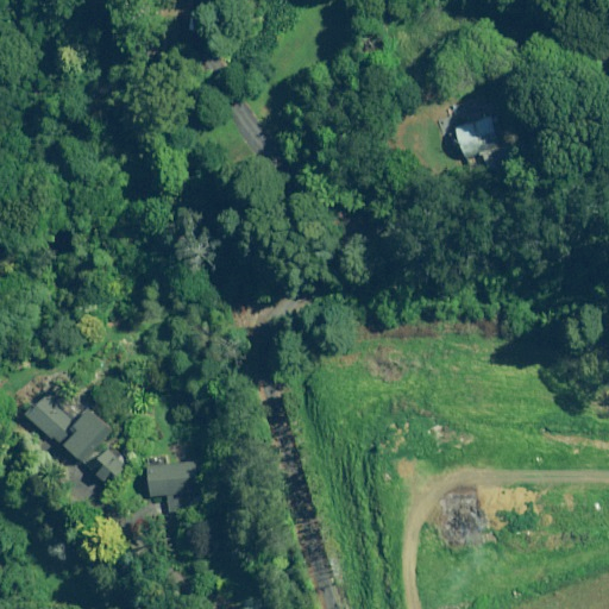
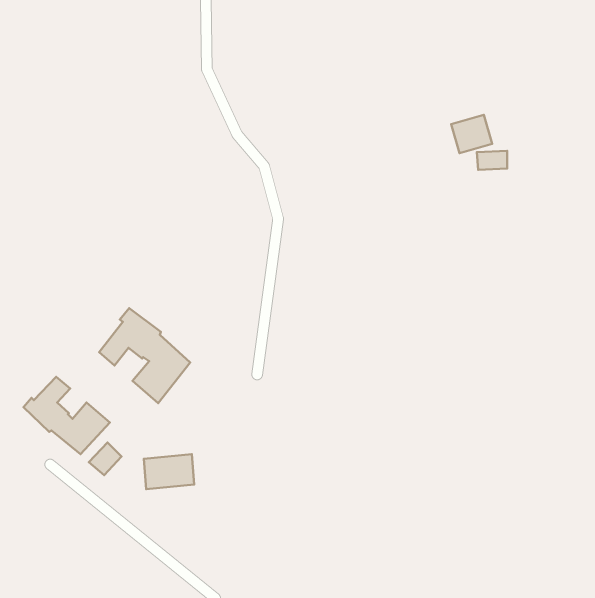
building: none -> [99,308,190,403]

